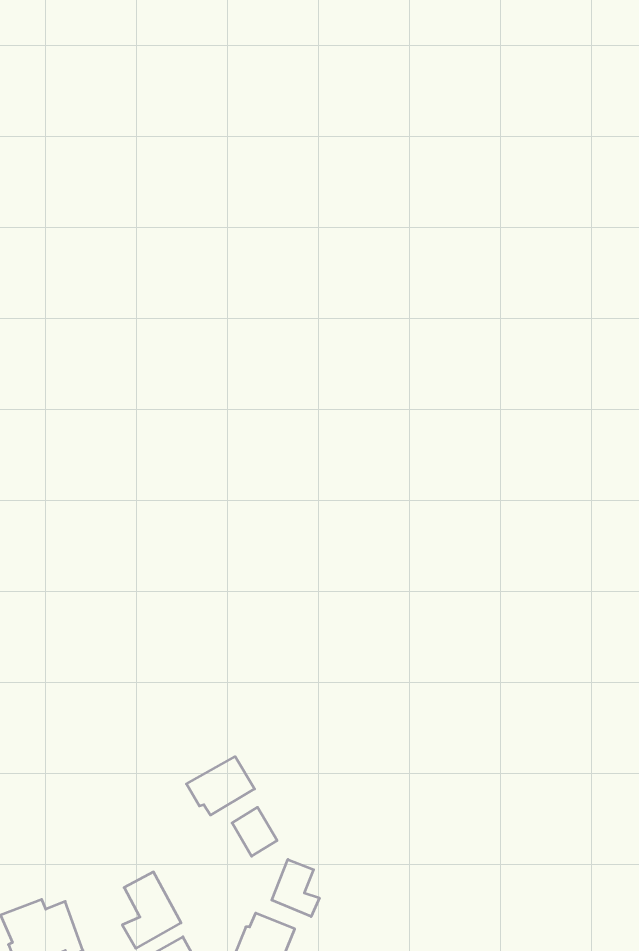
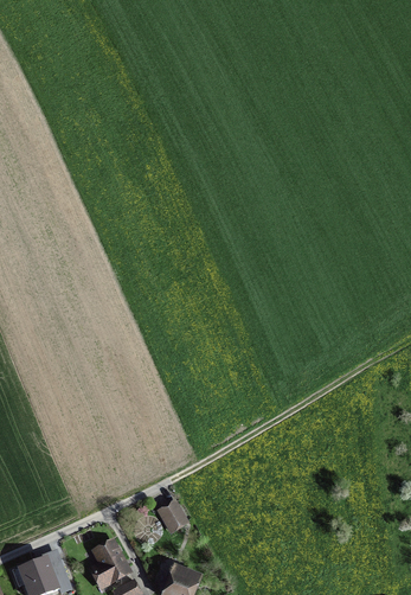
building: [186,757,255,815] -> none
building: [272,859,319,917] -> none

